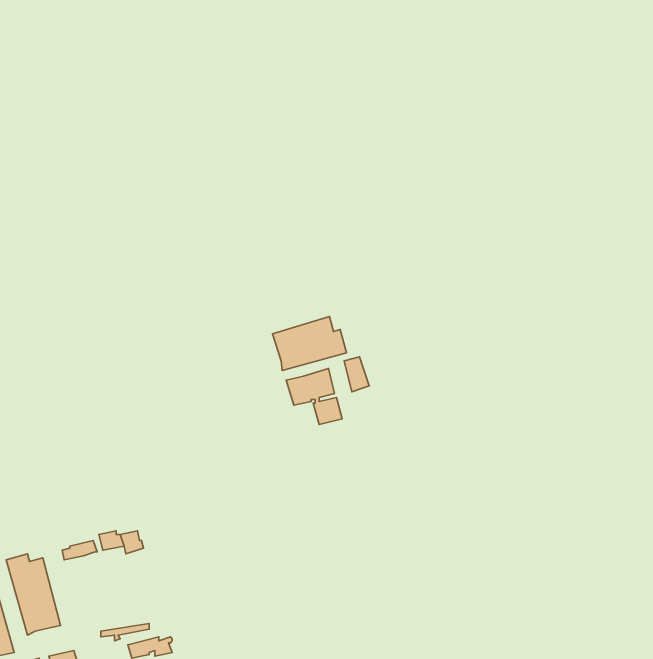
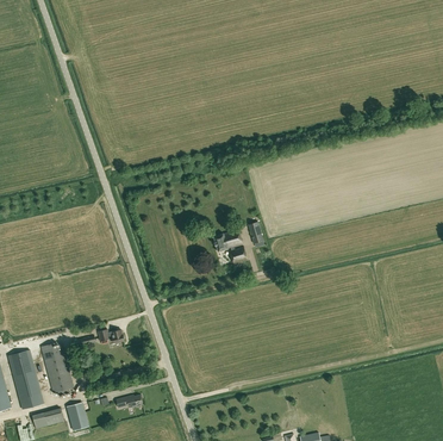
building: [273,316,347,370] -> none

